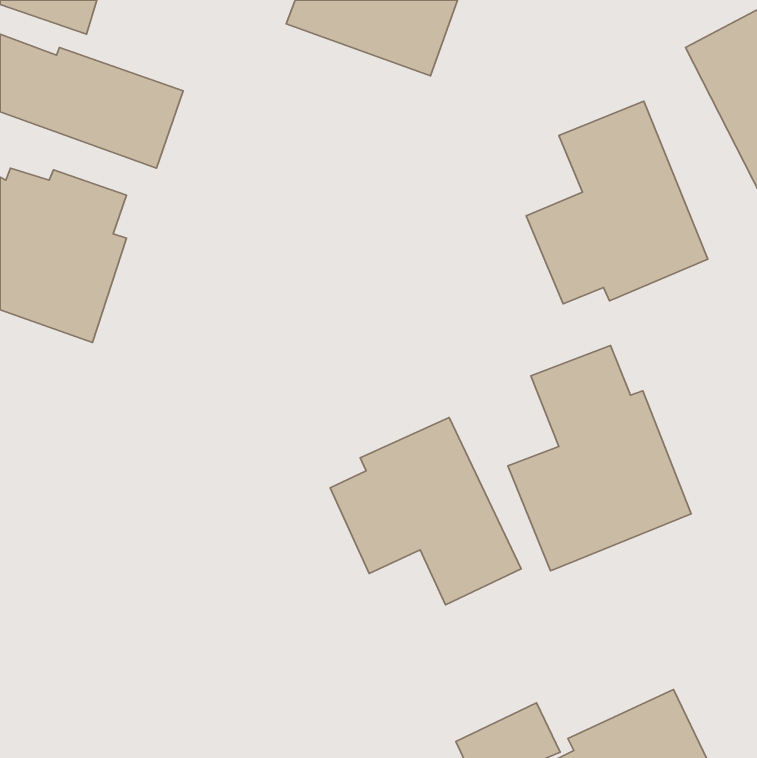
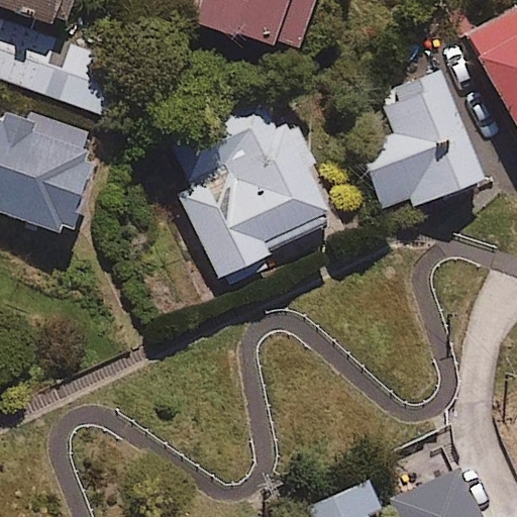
building: none -> [173,99,328,277]
building: [508,345,691,571] -> none
building: [330,417,521,605] -> none

